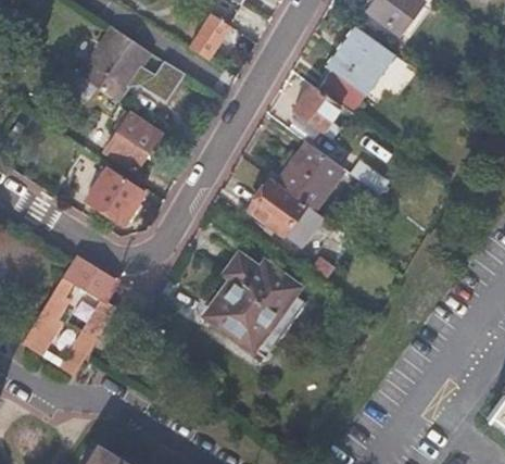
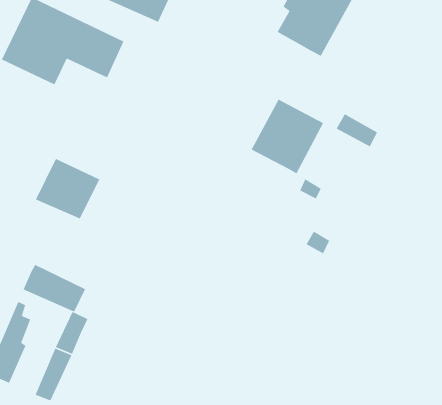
building: [292,86,340,140] -> none
building: [103,121,159,177] -> none
building: [248,180,305,236] -> none
building: [210,258,298,347] -> none

